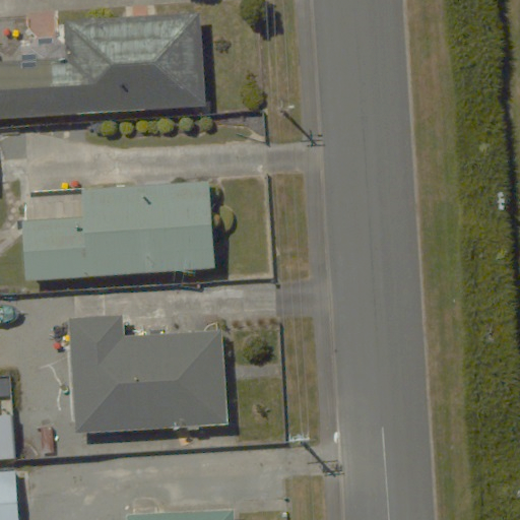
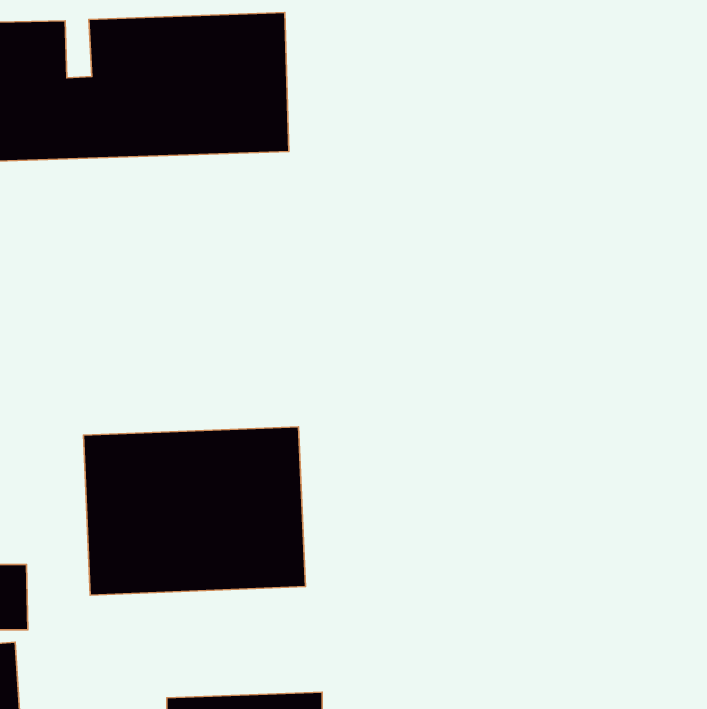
building: [18,182,216,280] -> none

